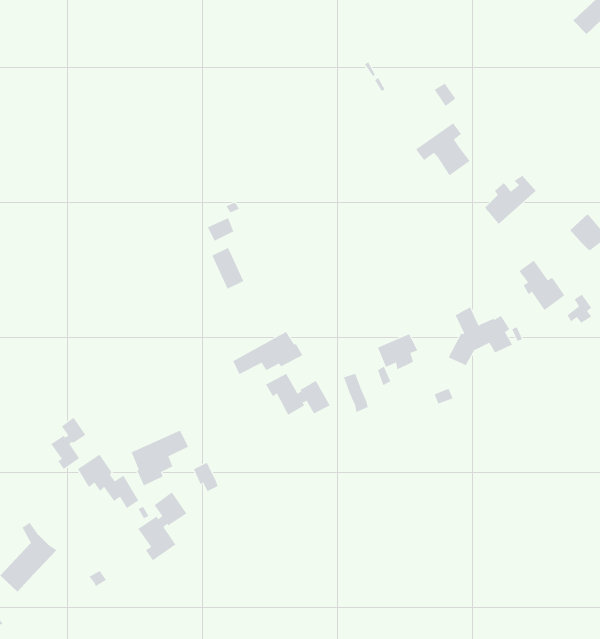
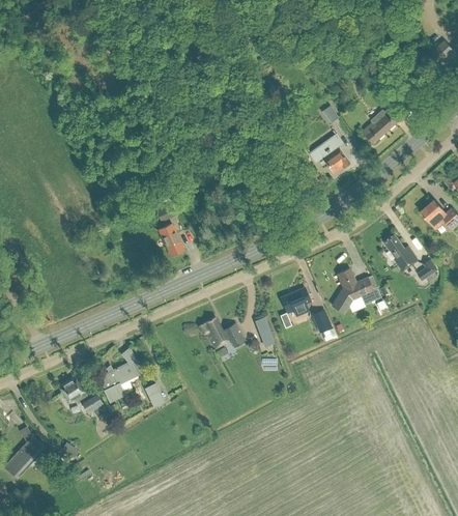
building: [484,175,537,225] -> [364,108,402,144]
building: [232,331,303,375] -> none
building: [50,417,86,470] -> none
building: [137,492,187,561] -> none

